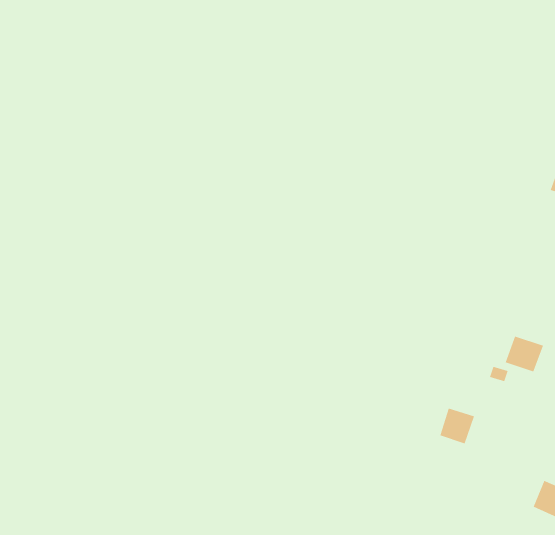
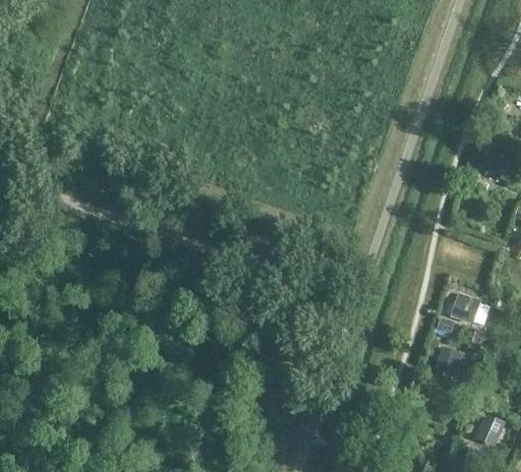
building: [440,408,475,444] -> [435,346,464,376]

